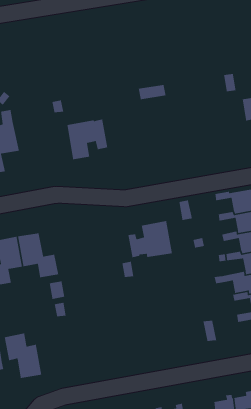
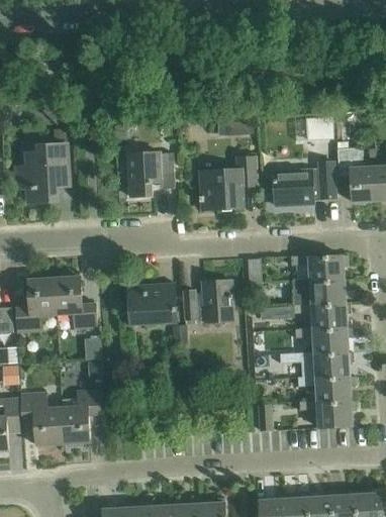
building: none -> [274,163,334,206]
building: none -> [195,157,257,210]
building: none -> [126,285,175,326]
building: none -> [61,390,101,445]

